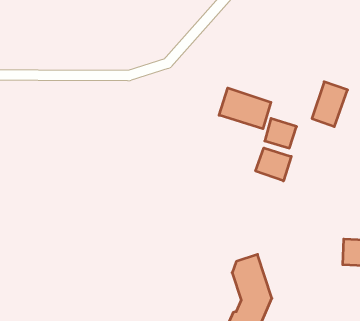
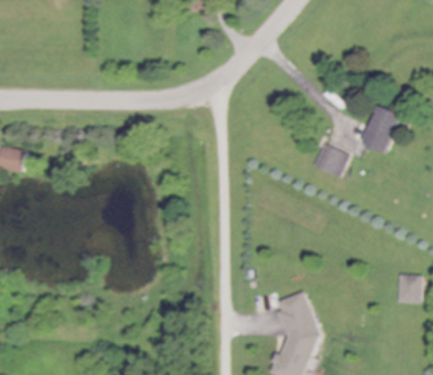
building: [219,88,271,129] -> none
building: [256,148,291,181] -> none

